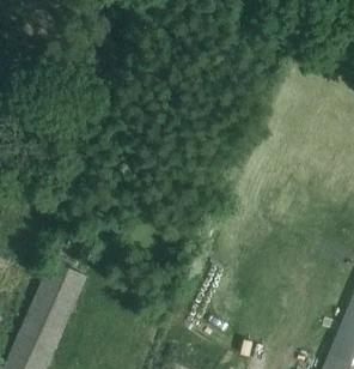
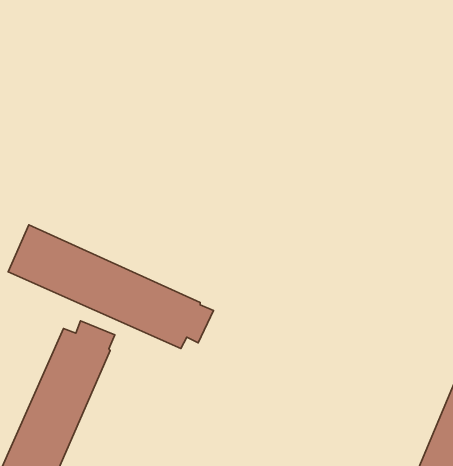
building: none -> [8,225,213,348]

